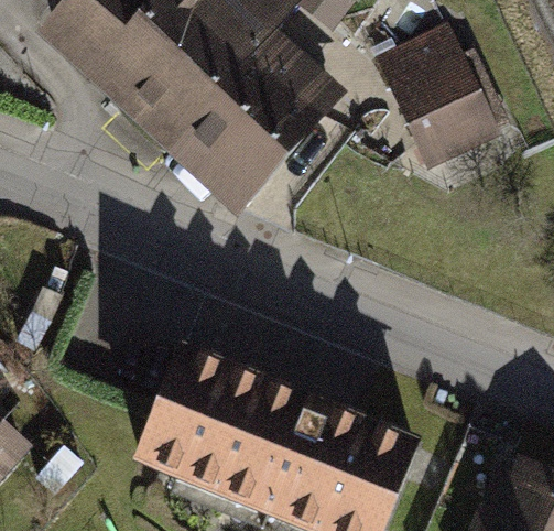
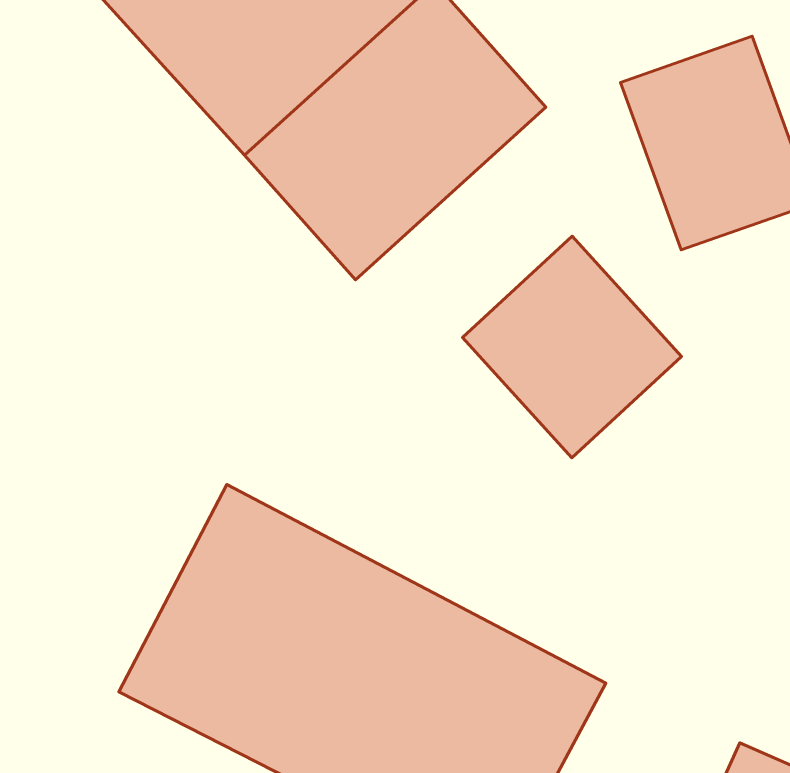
building: none -> [463,236,681,458]

